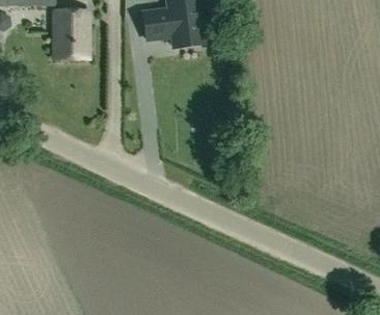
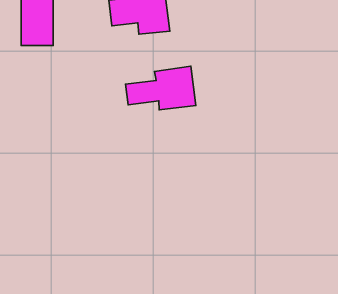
building: none -> [126,66,196,110]

